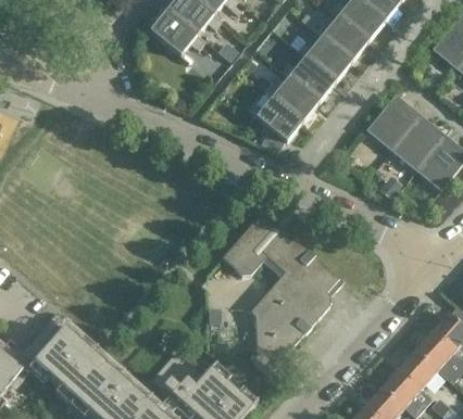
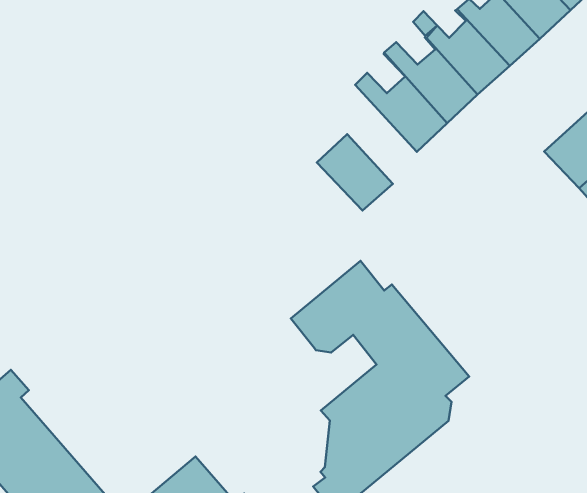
building: none -> [317,134,393,211]

